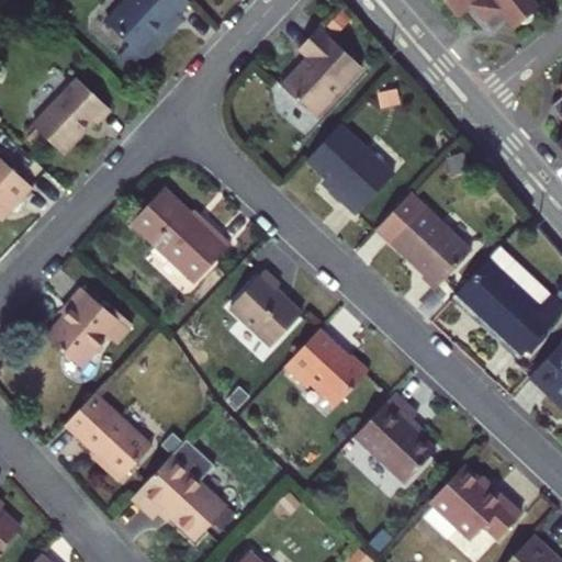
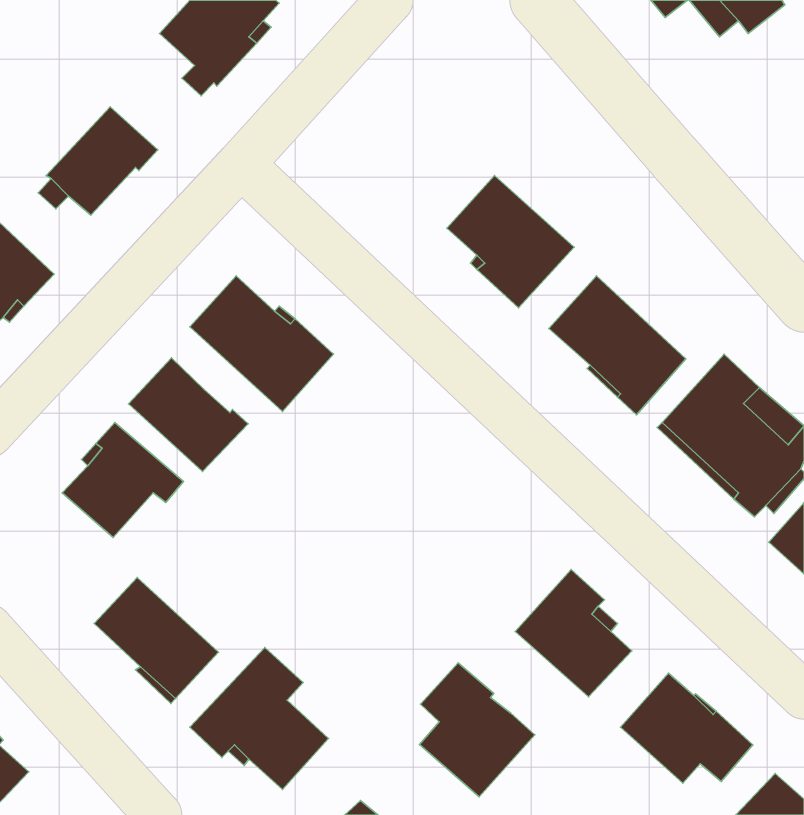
building: [284,25,361,111] -> none
building: none -> [129,358,248,472]
building: [228,270,302,347] -> none
building: [284,328,369,404] -> none
building: none -> [420,663,535,797]

